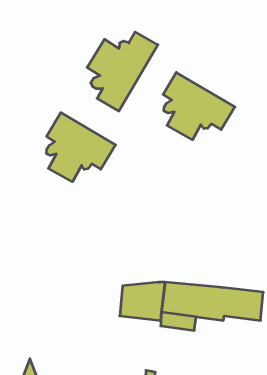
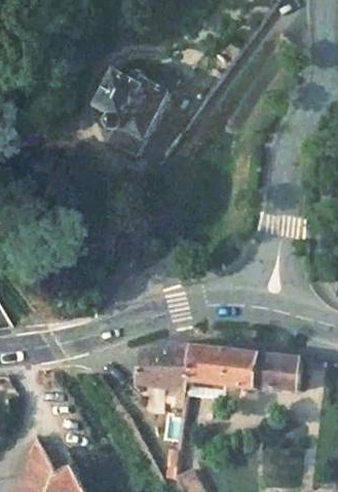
building: [163,72,235,140] -> none
building: [46,113,116,182] -> none

